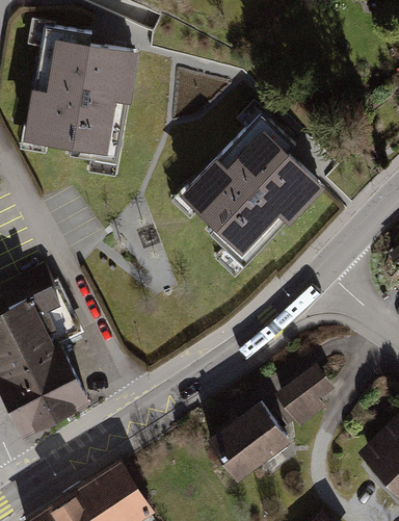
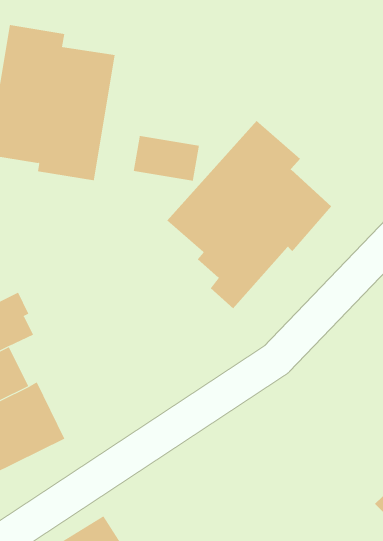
building: none -> [133,135,200,182]
building: [280,365,331,421] -> none
building: [211,401,288,474] -> none

